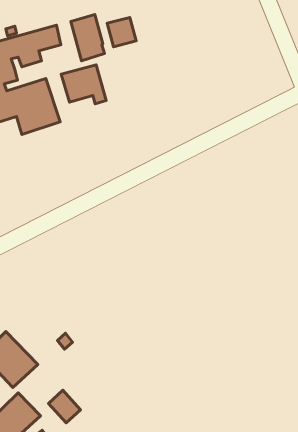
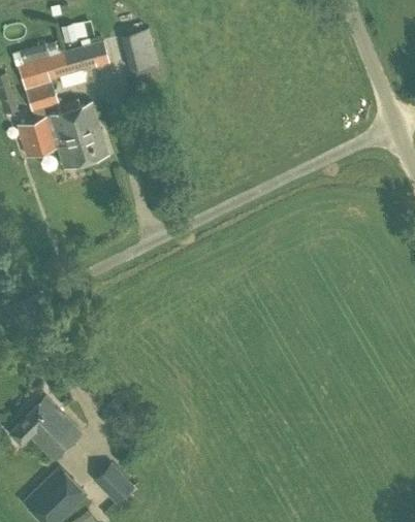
building: [107,17,136,47] -> none
building: [61,65,106,104] -> none

